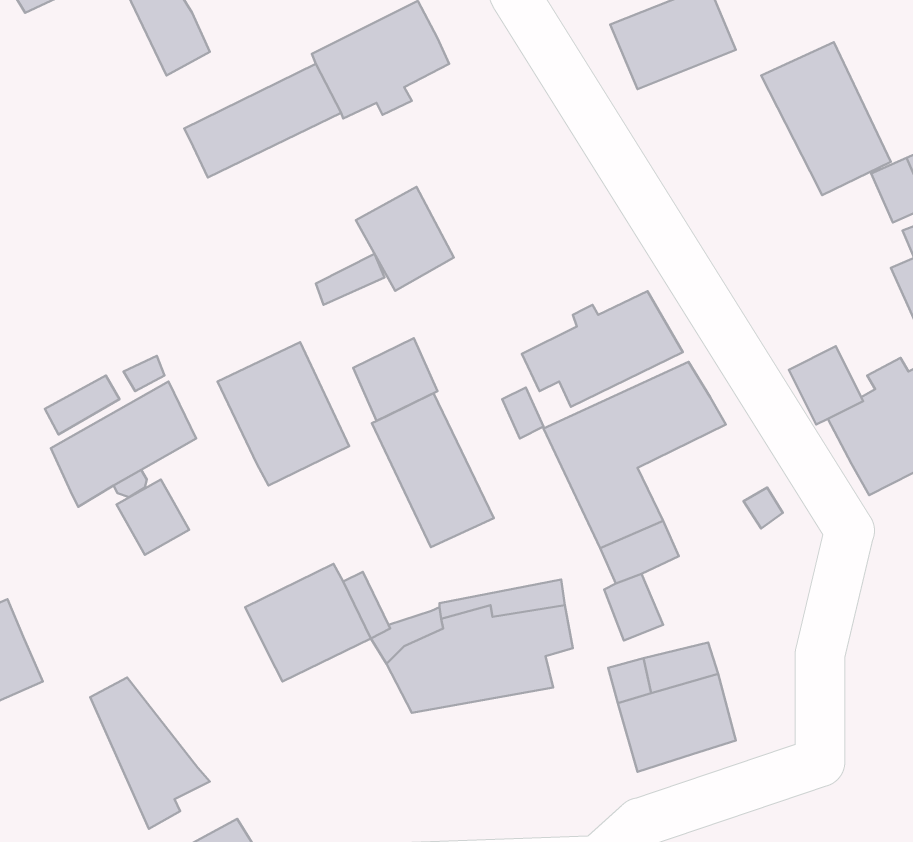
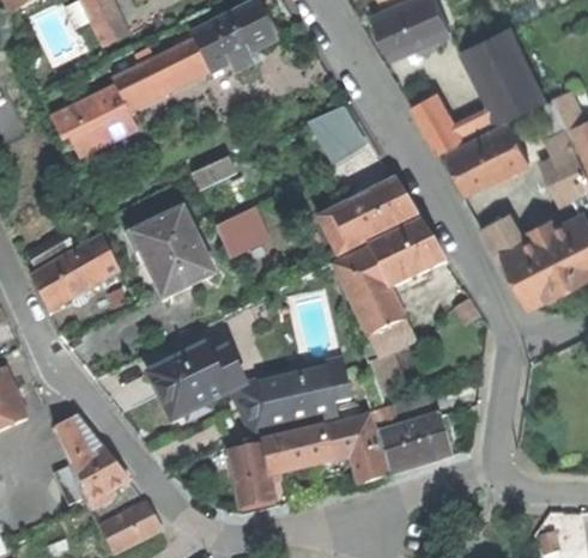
building: none -> [51,87,135,156]
building: none -> [411,96,502,153]
building: [356,187,454,291] -> [313,102,372,165]
building: none -> [448,122,529,192]
building: [372,393,494,547] -> none
building: [116,479,189,555] -> none
building: none -> [228,416,386,507]

